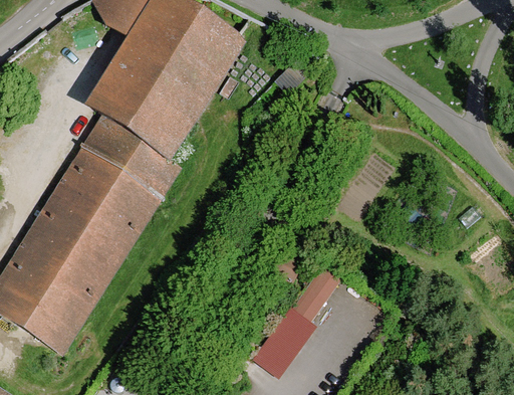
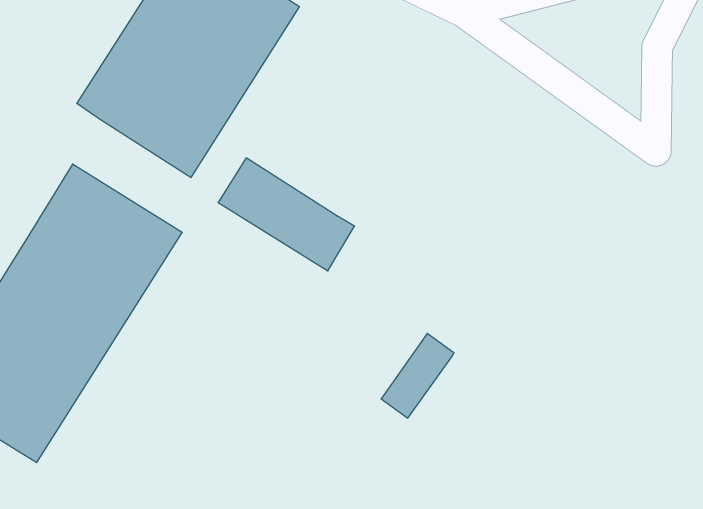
building: [83,118,176,194] -> [218,158,355,271]
building: [252,305,317,377] -> none

